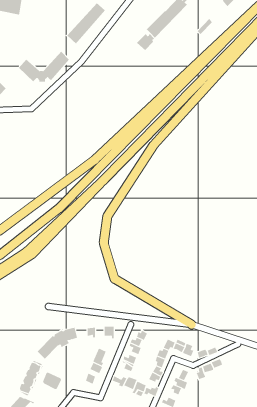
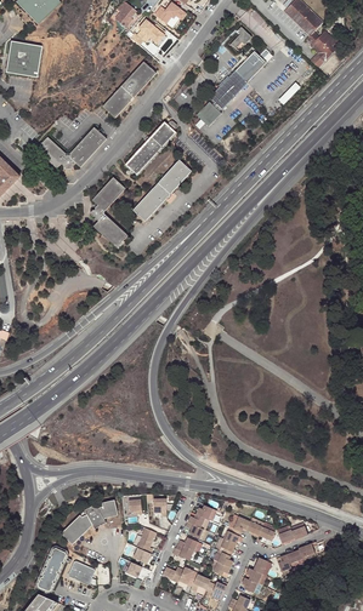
building: none -> [124,121,176,176]
building: none -> [132,160,191,221]
building: none -> [90,177,126,247]

